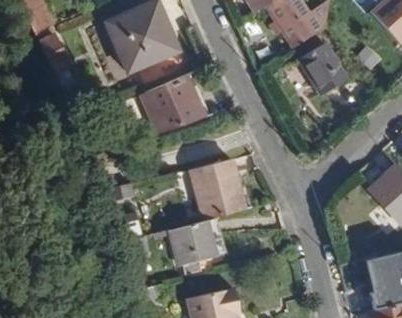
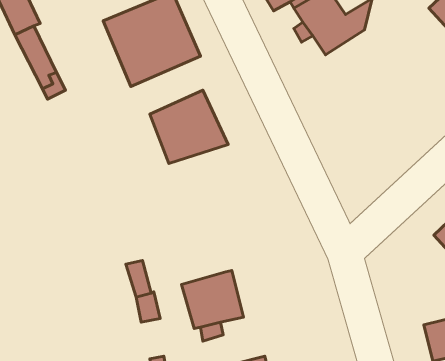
building: [288,41,338,94] -> none
building: [191,158,249,219] -> none

